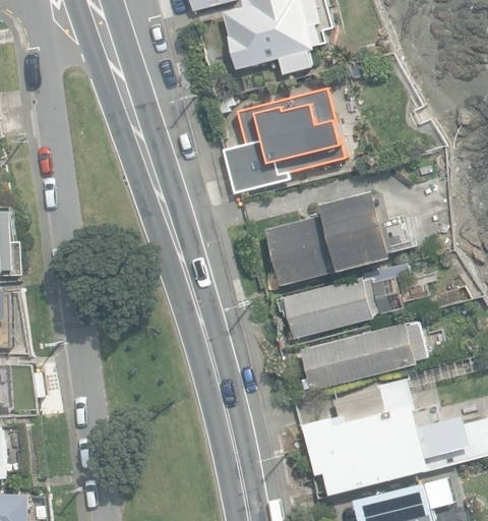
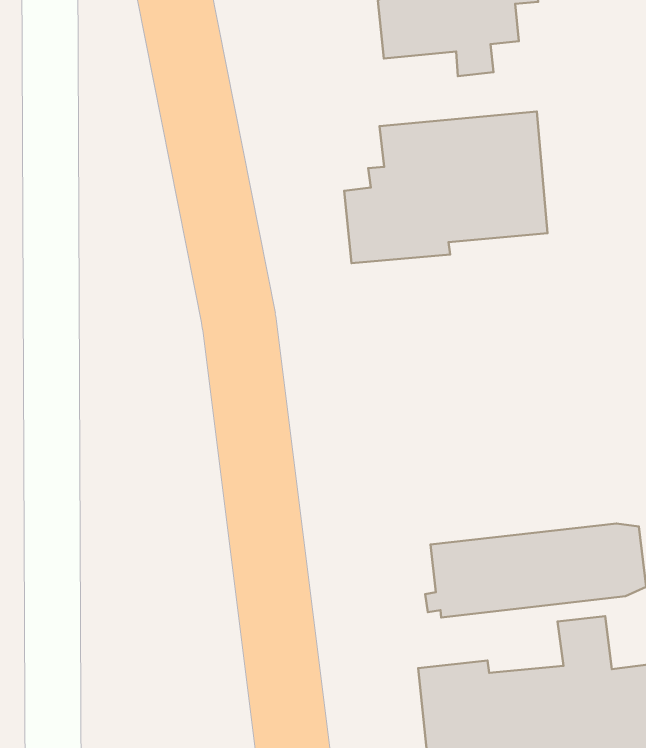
building: [263,186,391,283] -> none
building: [277,265,410,340] -> none

